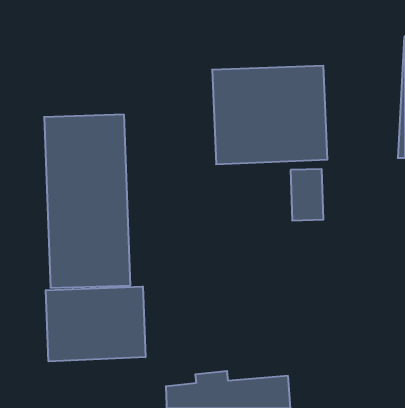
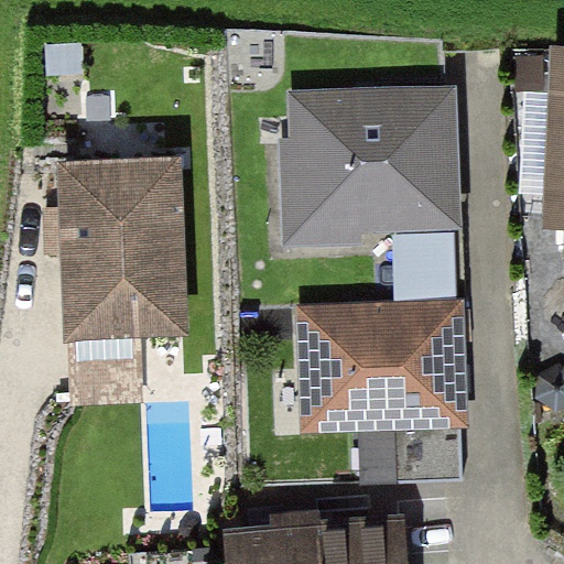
building: none -> [301,304,459,480]
building: [46,286,145,361] -> none

